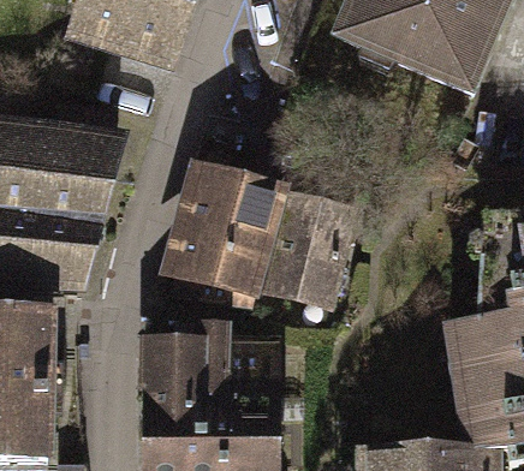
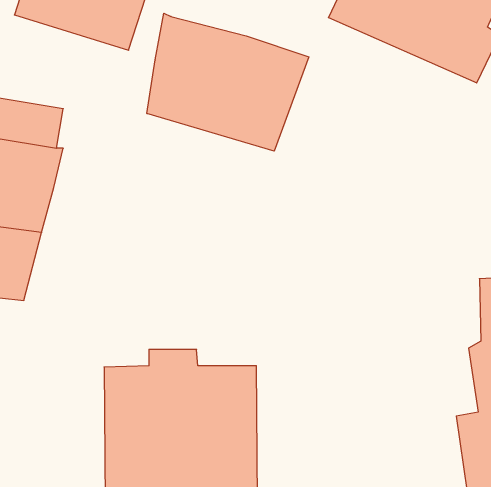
building: none -> [147,13,309,151]
building: [171,175,282,306] -> none
building: [268,197,351,300] -> none

